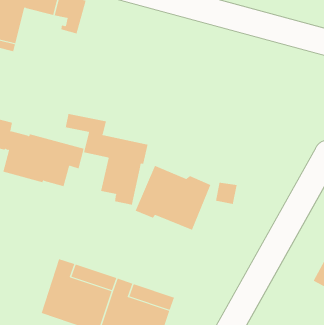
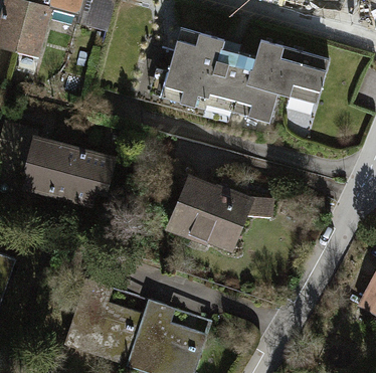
building: none -> [160,29,328,122]
building: [65,113,148,205] -> none

